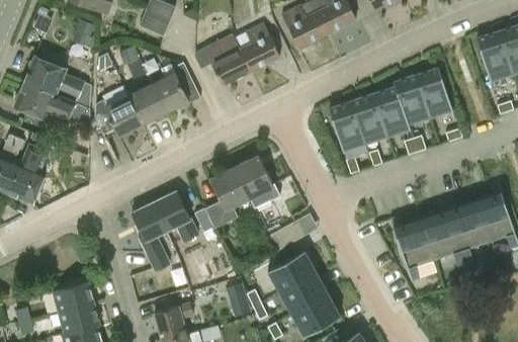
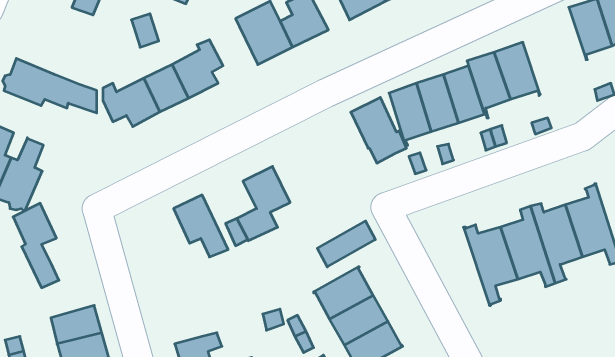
building: [25,57,92,106] -> none
building: [235,156,280,209] -> [351,97,406,163]
building: [132,202,169,271] -> [13,203,59,288]

